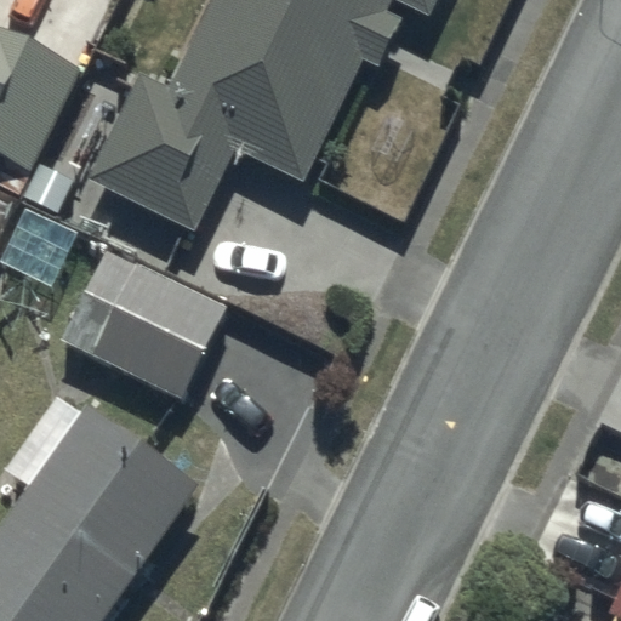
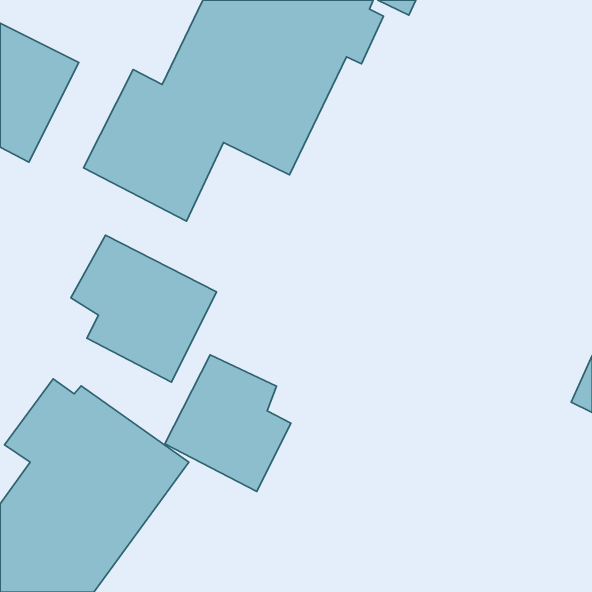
building: none -> [165,355,291,492]

